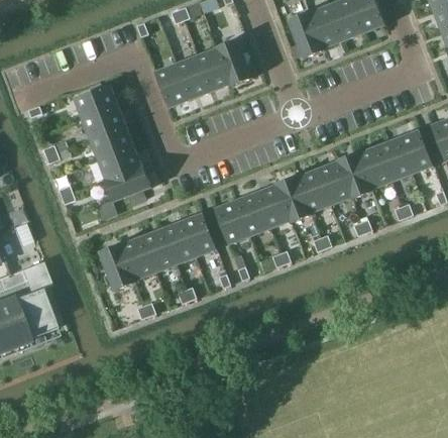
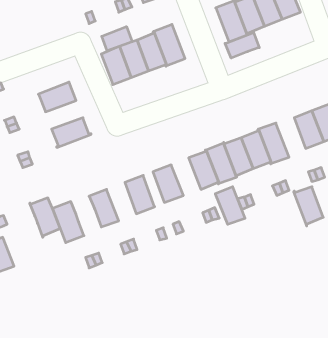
building: none -> [102,27,132,51]
building: none -> [225,32,259,58]
building: [74,83,117,118] -> none
building: [90,125,133,158] -> none
building: [356,145,390,191] -> [294,187,323,226]
building: [103,165,150,201] -> none
building: [235,192,269,235] -> [215,187,245,224]
building: [160,220,195,264] -> none
building: [119,236,154,282] -> [30,198,60,237]

